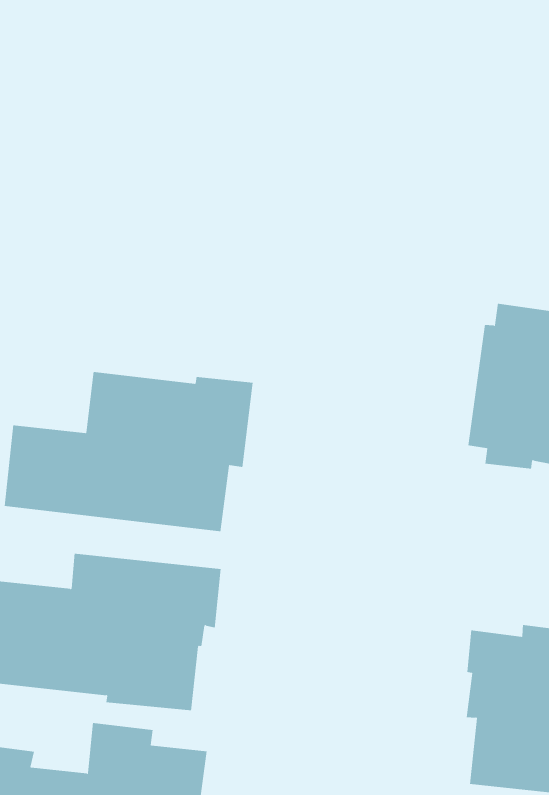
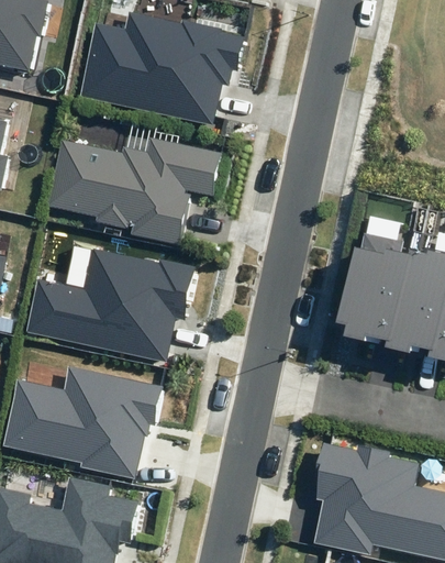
building: none -> [79,12,247,125]
building: none -> [46,137,221,245]

